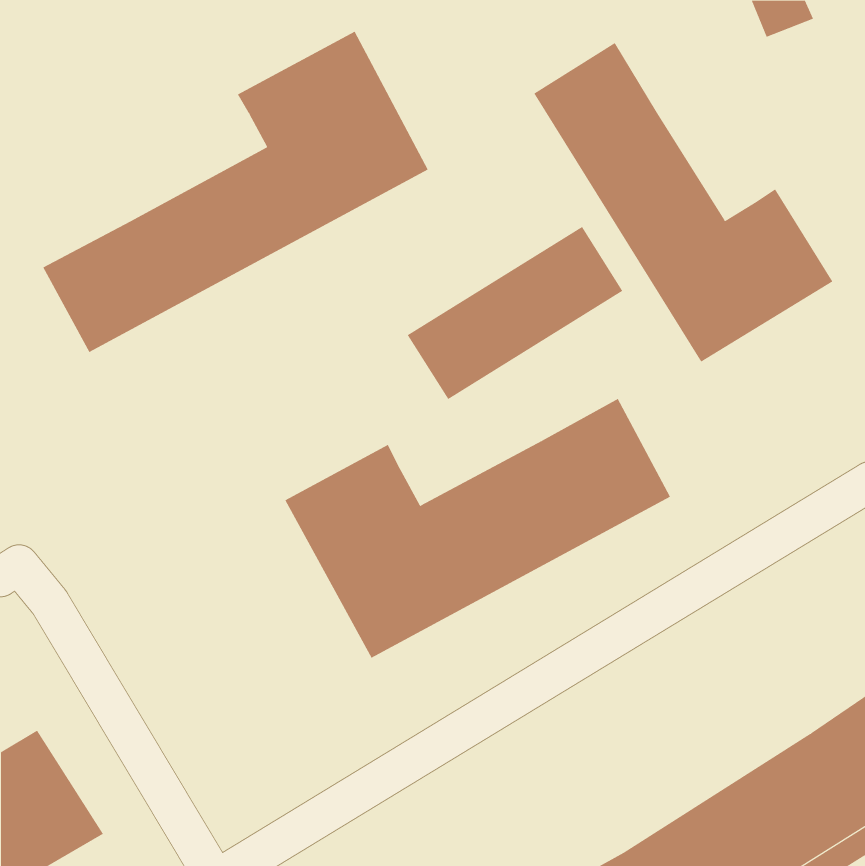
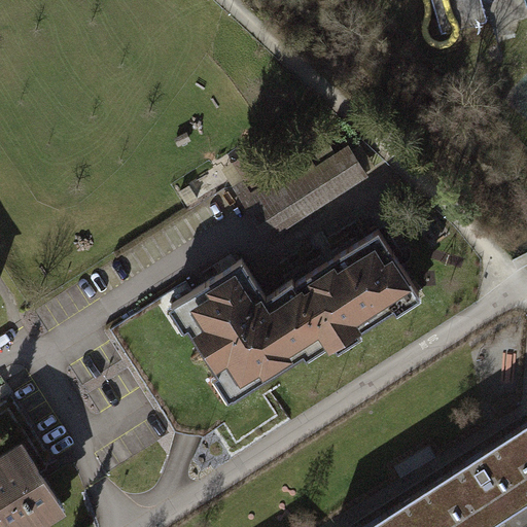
building: [42,31,428,353] -> none
building: [534,42,833,363] -> none

